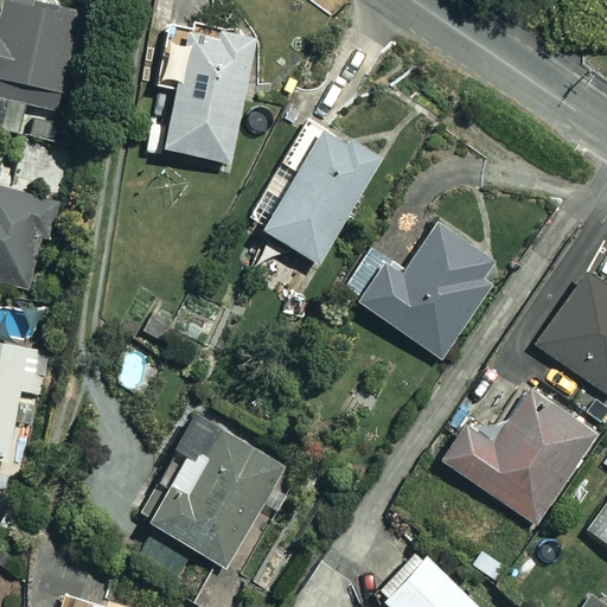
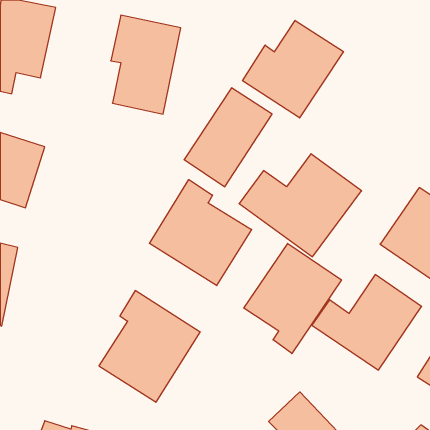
building: none -> [243,20,343,118]
building: none -> [149,180,252,286]
building: none -> [244,243,341,354]

